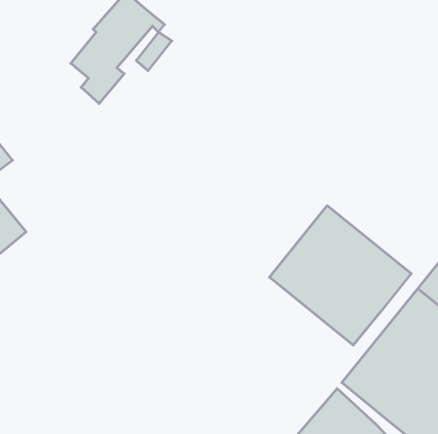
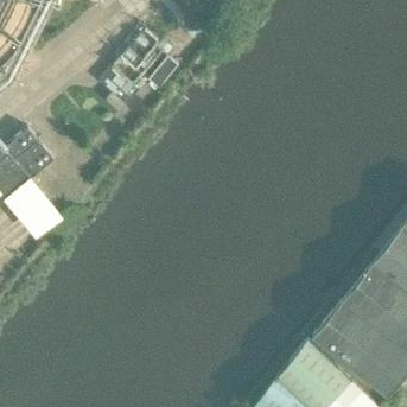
building: [269,206,411,345] -> none

